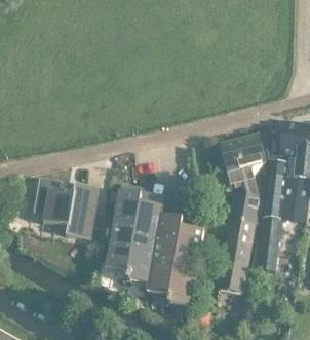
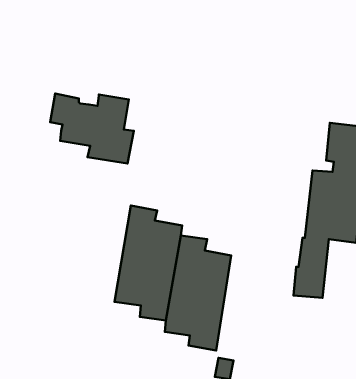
building: [219,134,267,294] -> none
building: [36,181,105,238] -> [50,93,134,163]

